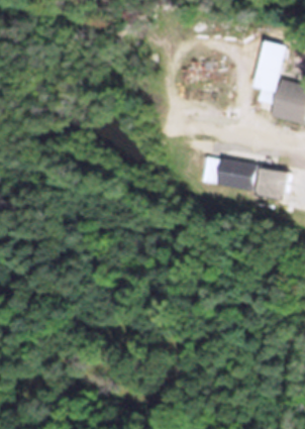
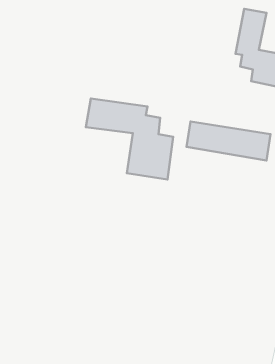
building: none -> [86,98,173,180]

